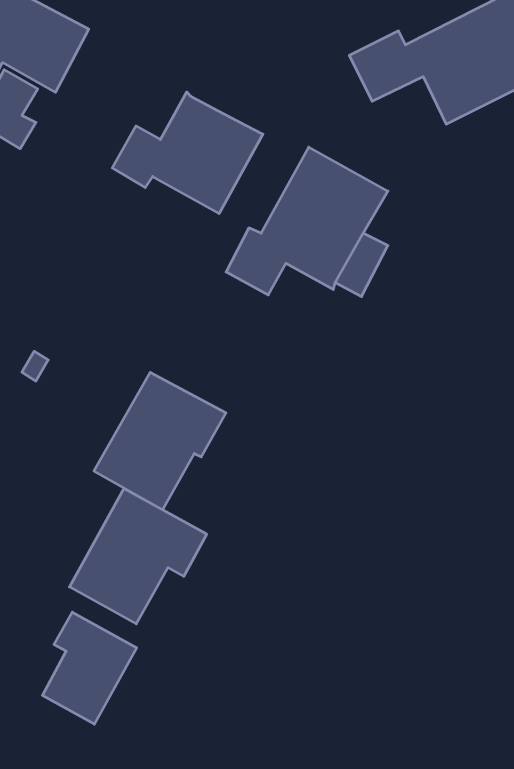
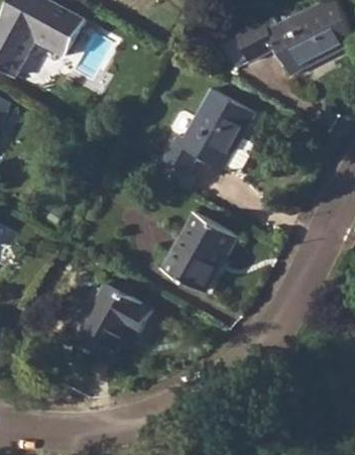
building: [112,92,263,214] -> none
building: [94,372,226,510] -> [161,212,237,291]
building: [42,612,137,724] -> none

